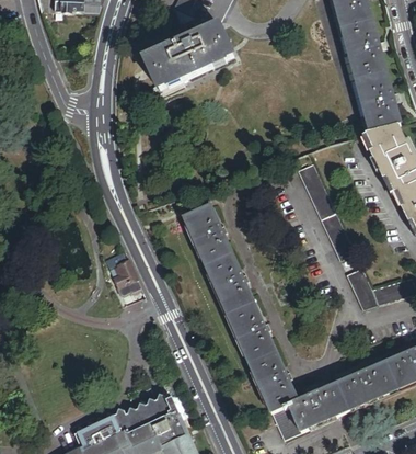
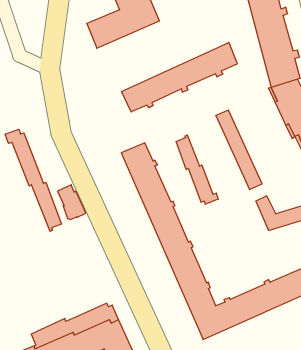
building: none -> [121,42,237,112]
building: none -> [5,129,62,231]
building: none -> [176,135,218,204]

